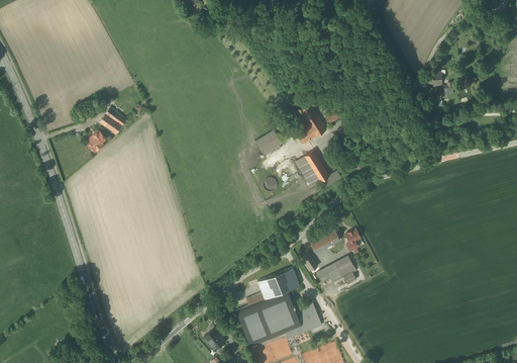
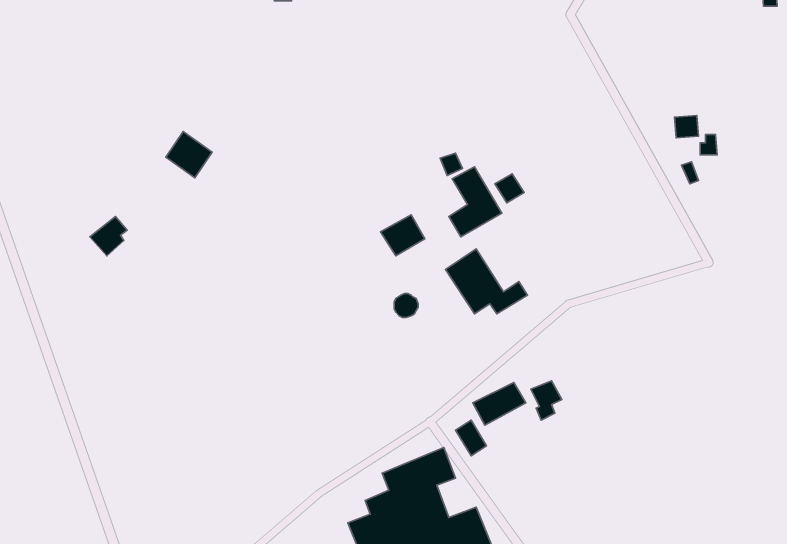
building: [100,107,127,134] -> [166,132,212,178]
building: [316,255,357,284] -> none

